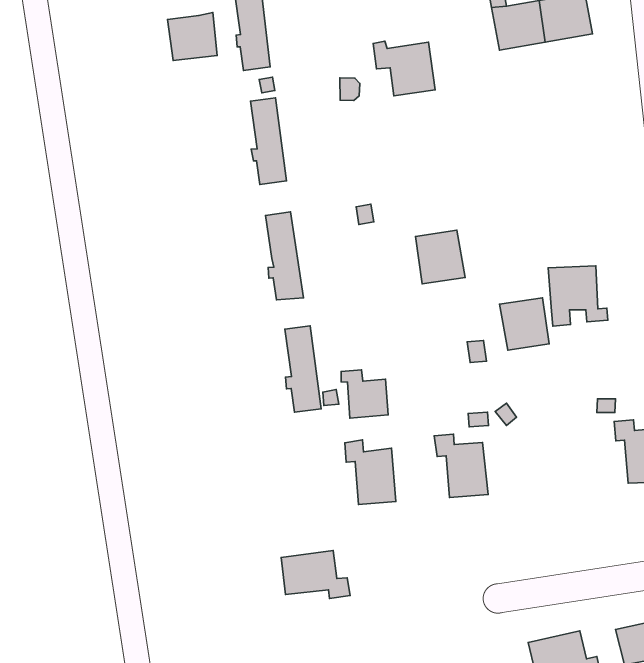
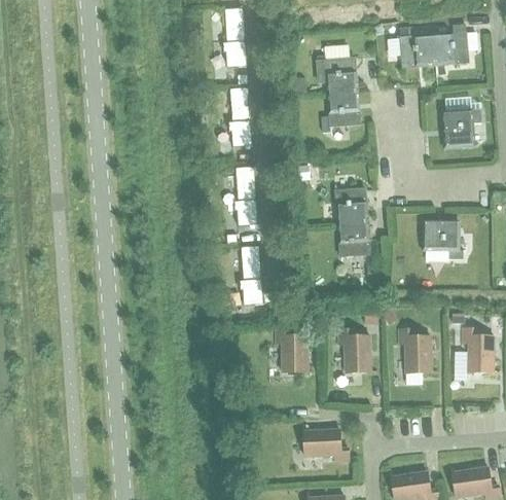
building: [167,13,217,60] -> none
building: none -> [321,91,360,132]
building: none -> [442,108,480,146]
building: [500,298,549,350] -> [337,221,369,255]
building: [341,370,388,418] -> none
building: none -> [398,328,431,372]
building: [281,550,350,599] -> [303,428,349,461]

